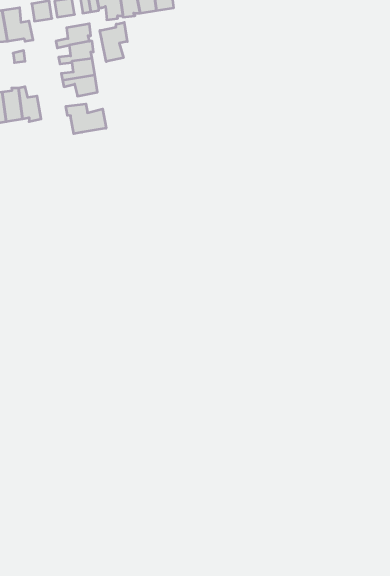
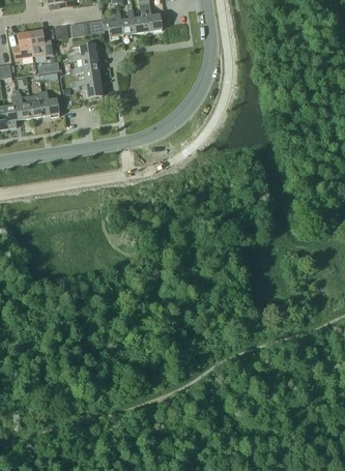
building: [100,22,127,62] -> none
building: [66,104,106,134] -> none

